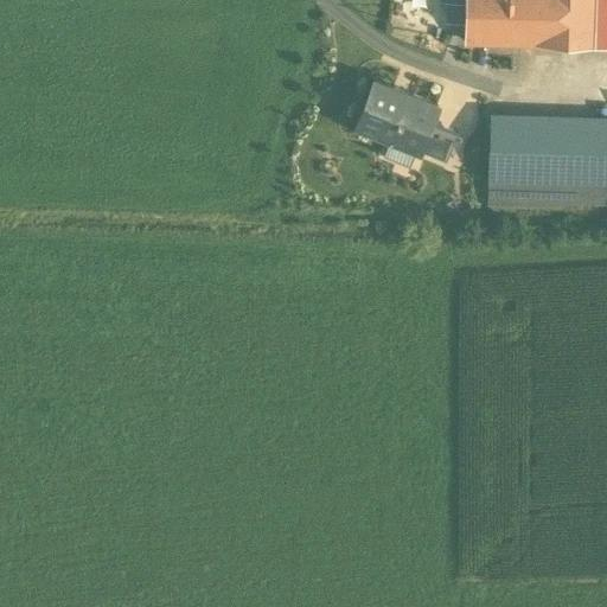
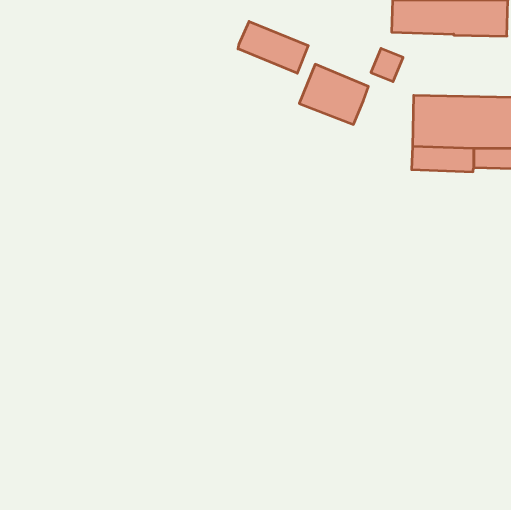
building: none -> [238,21,308,73]
building: [420,122,458,161] -> [371,48,403,82]

